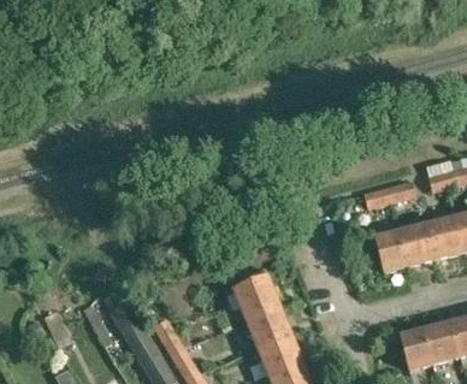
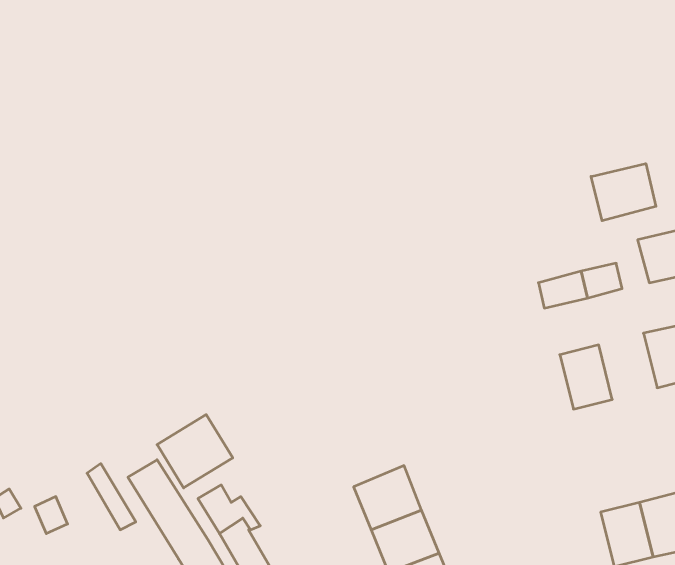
building: none -> [591,164,656,221]
building: [400,224,436,265] -> none
building: none -> [157,415,233,488]
building: [236,277,279,319] -> none

